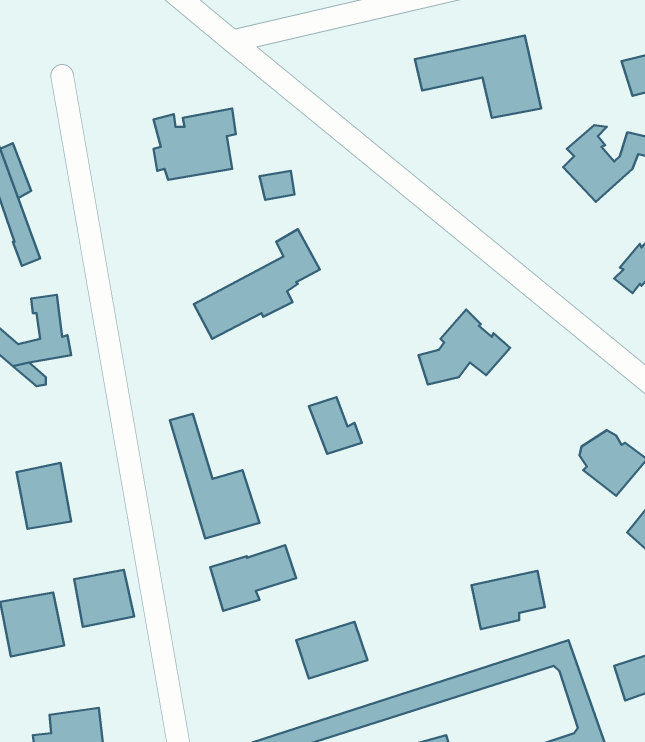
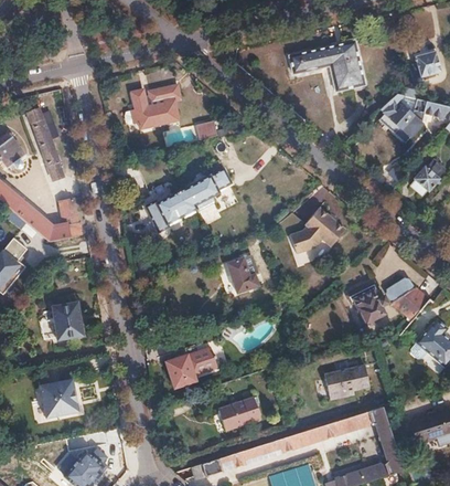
building: [170,414,260,538] -> none
building: none -> [347,283,387,324]
building: [74,570,134,627] -> none

